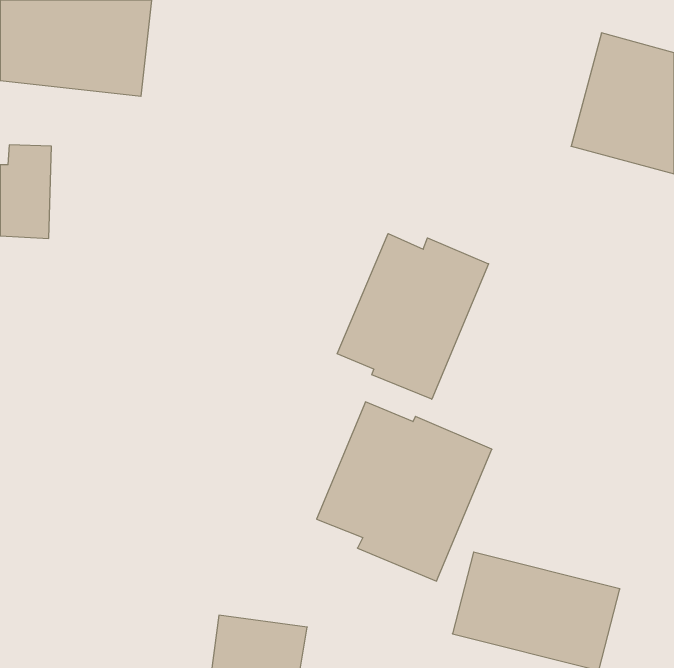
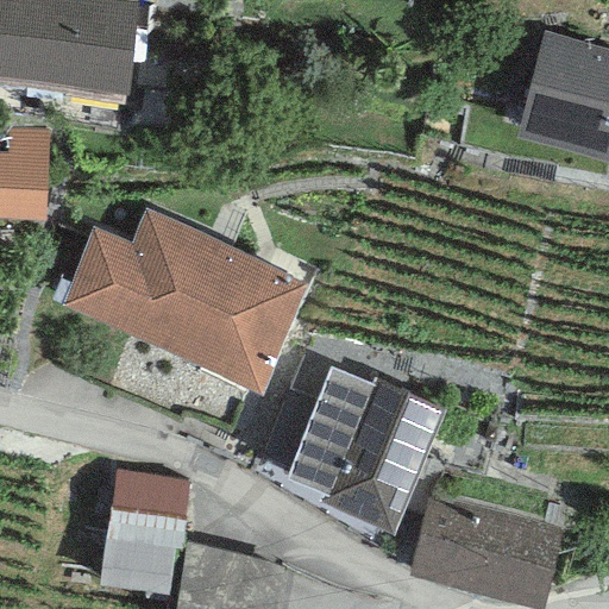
building: none -> [61,213,306,387]
building: [337,234,489,399] -> none
building: none -> [107,466,196,594]

